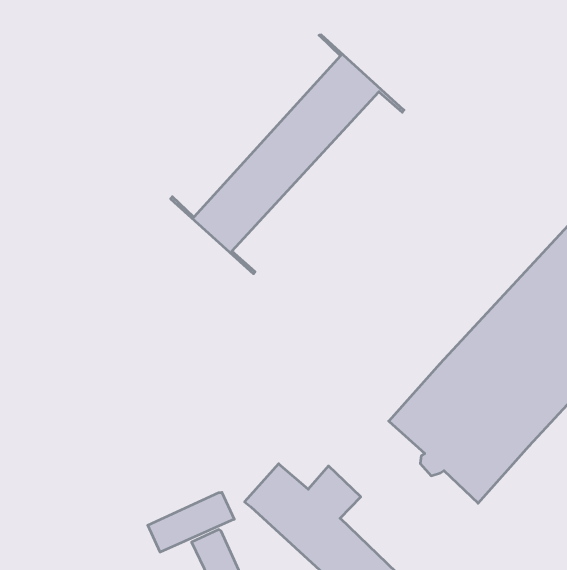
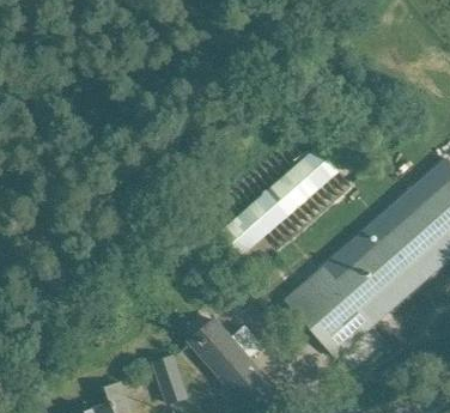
building: [171,35,404,274] -> [197,130,349,275]
building: [148,492,234,552] -> none

